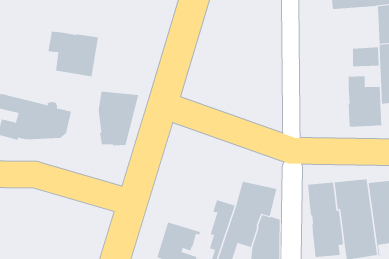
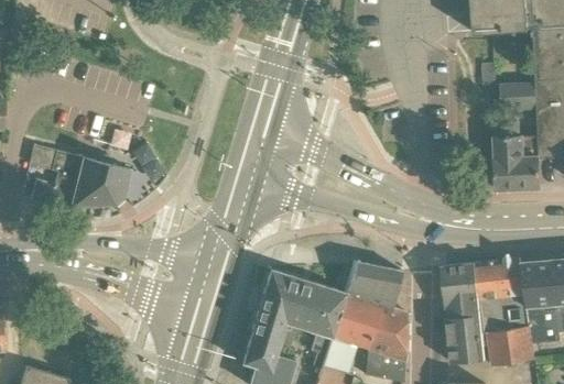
building: [48,31,99,77] -> none
building: [98,91,139,146] -> none
building: none -> [256,270,321,332]

